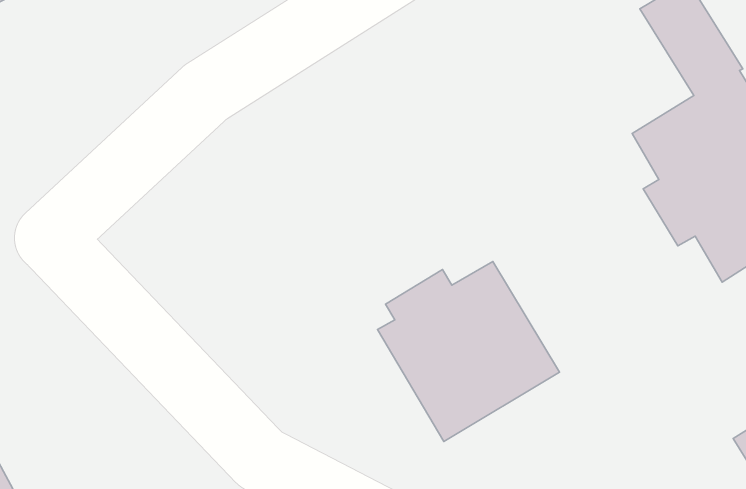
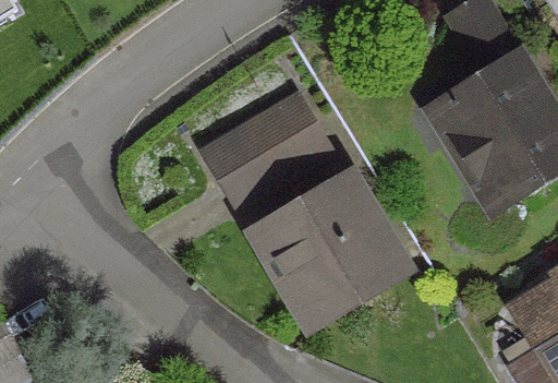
building: none -> [201,96,328,187]

